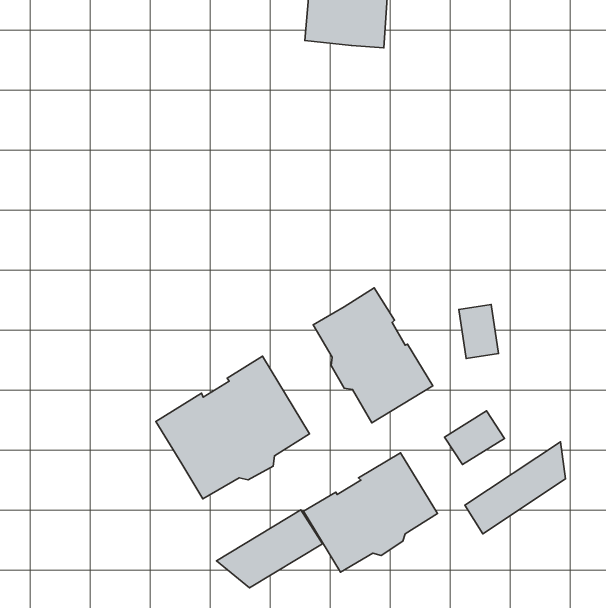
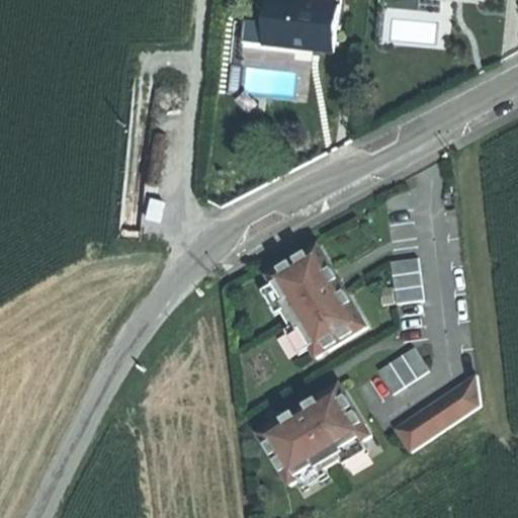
building: [156,356,310,499] -> none
building: [217,510,323,588] -> none

